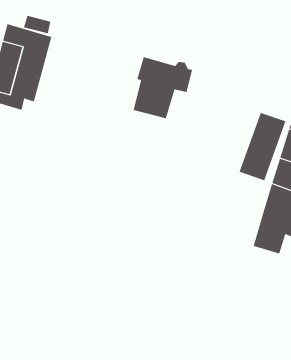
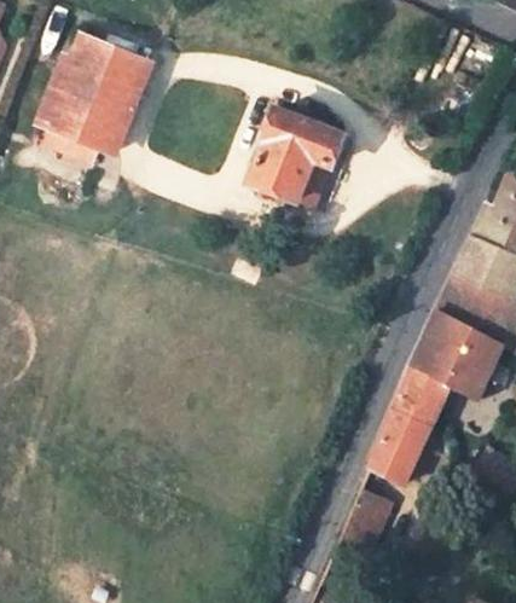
building: [239,112,286,181] -> none
building: none -> [367,396,436,485]
building: none -> [340,489,390,547]

